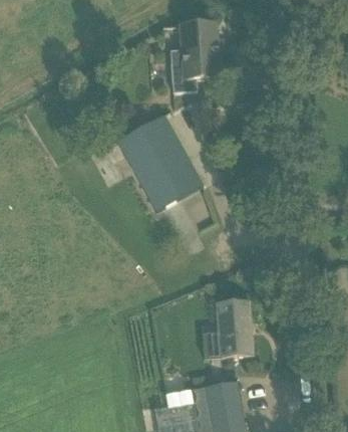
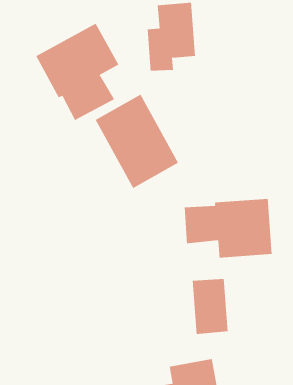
building: none -> [35,23,119,121]
building: none -> [184,198,272,258]

